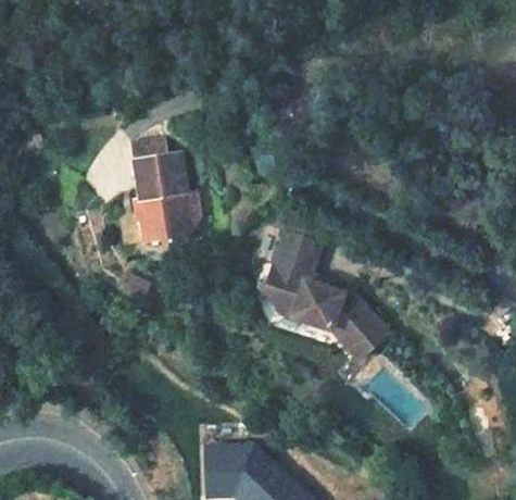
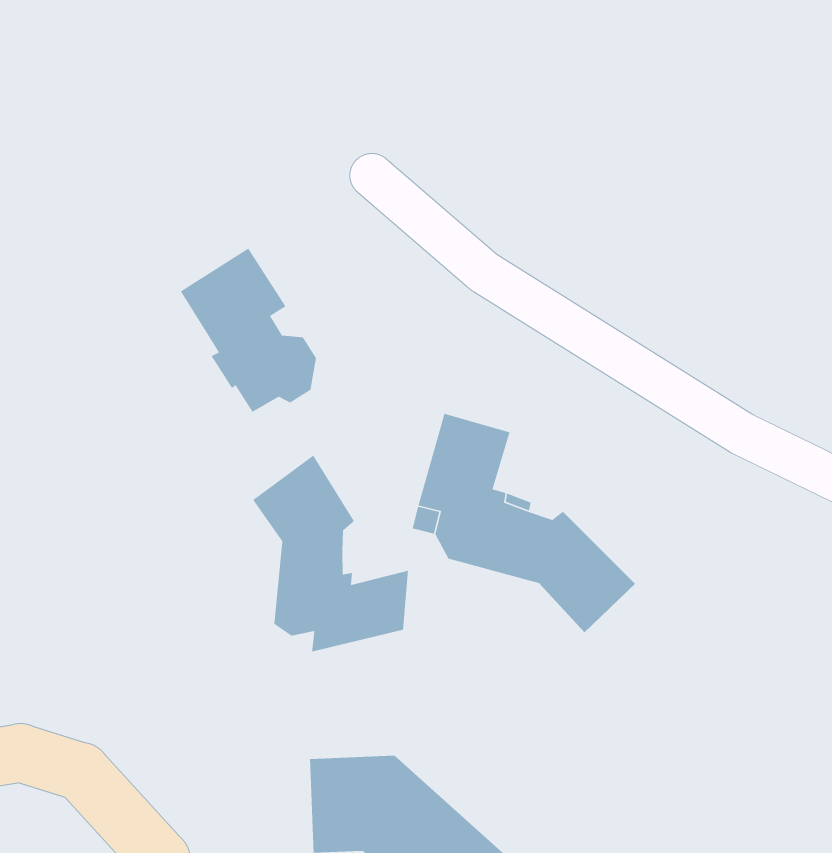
building: none -> [252,454,409,652]

